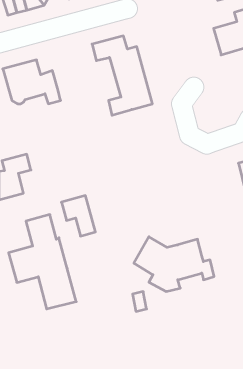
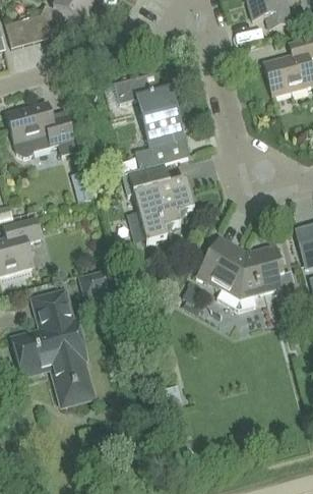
building: none -> [121,162,194,241]
building: [134,237,214,291] -> [197,240,296,308]

